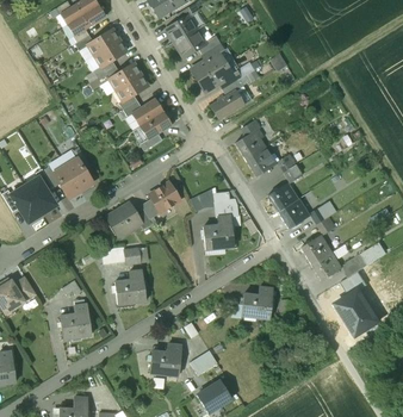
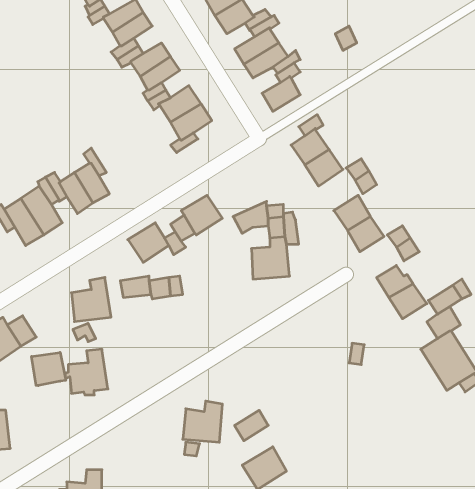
building: [116,268,147,303] -> [71,277,111,322]
building: [242,286,272,318] -> none
building: none -> [32,352,66,386]

